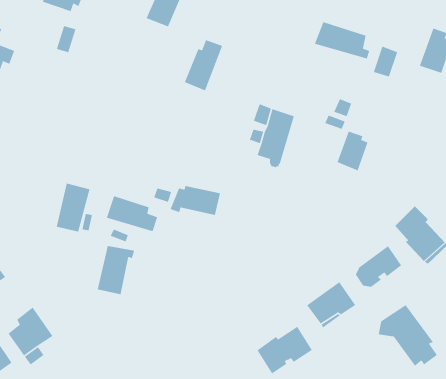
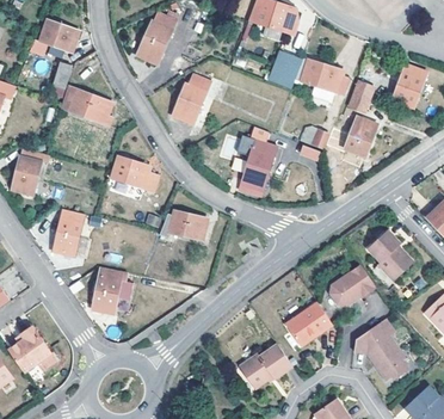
building: none -> [267,50,302,88]
building: none -> [61,86,112,128]
building: none -> [11,148,49,196]
building: [337,131,368,172] -> [345,118,375,156]
building: [106,195,158,232] -> [110,156,159,191]

